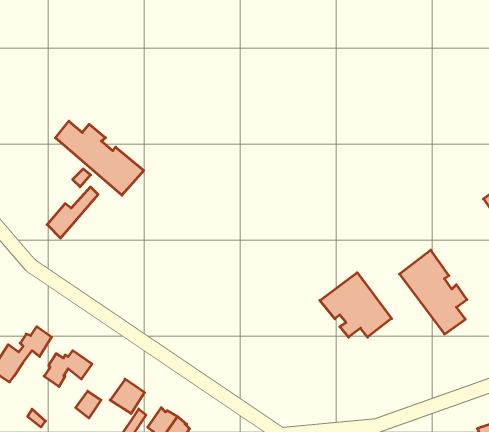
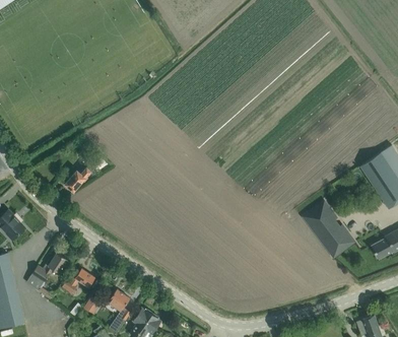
building: [55,121,144,195] -> none
building: [320,273,392,337] -> none

